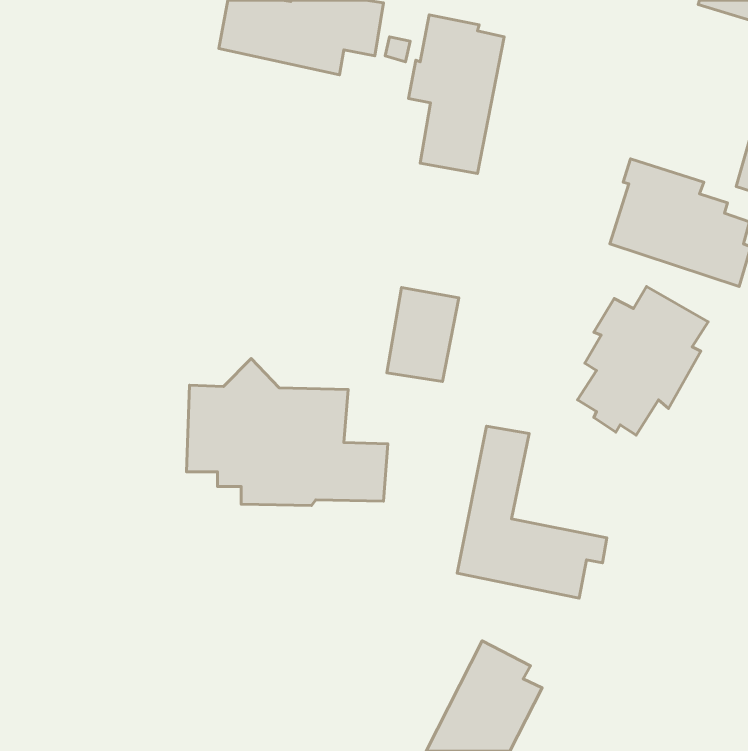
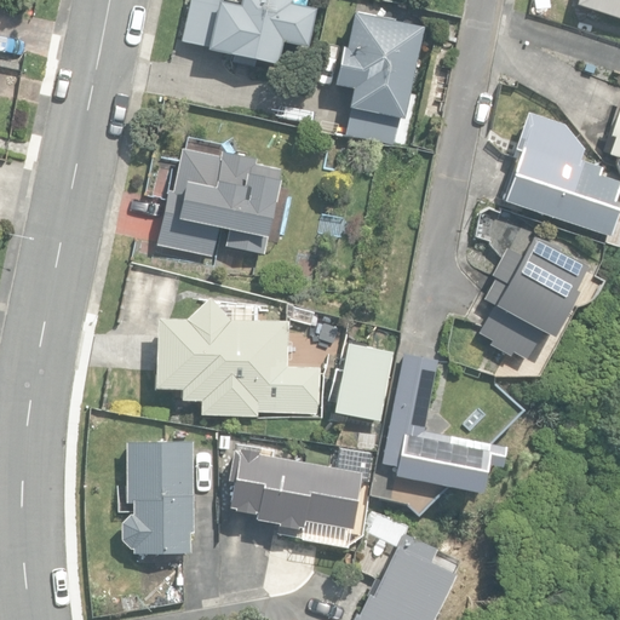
building: none -> [157,149,281,257]
building: [387,288,459,382] -> [333,341,392,419]
building: none -> [124,442,194,553]
building: none -> [230,446,362,541]

